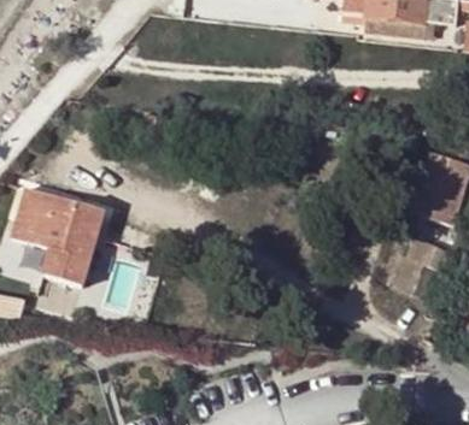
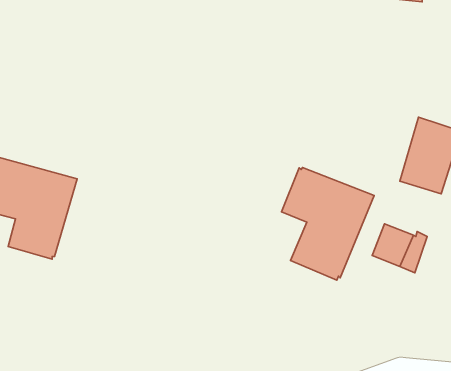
building: none -> [282,167,374,280]

